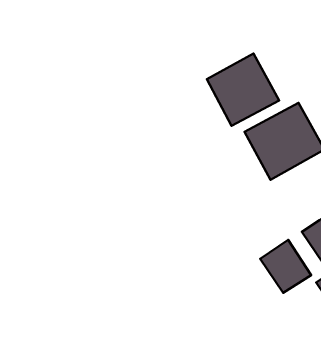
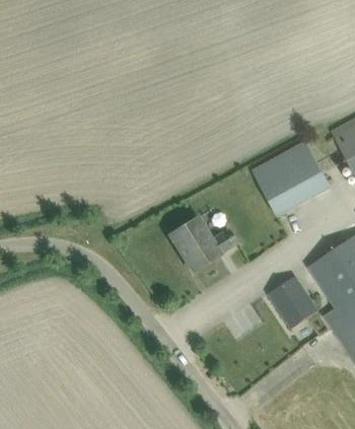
building: [207,53,279,126] -> none
building: none -> [162,204,237,270]

